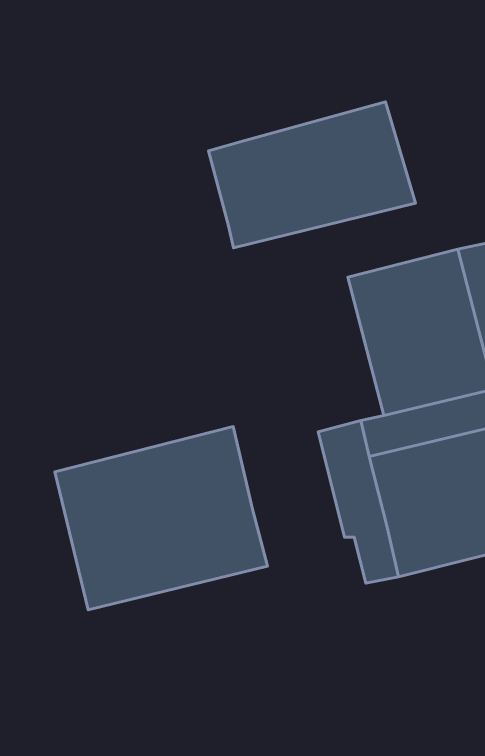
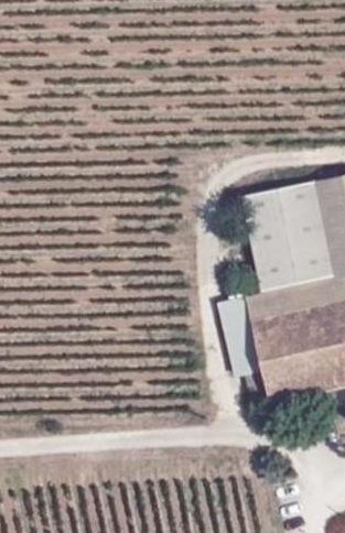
building: [208,102,415,248] -> none
building: [55,427,267,610] -> none

